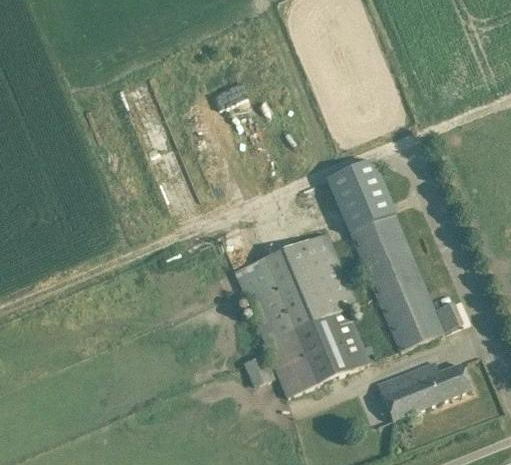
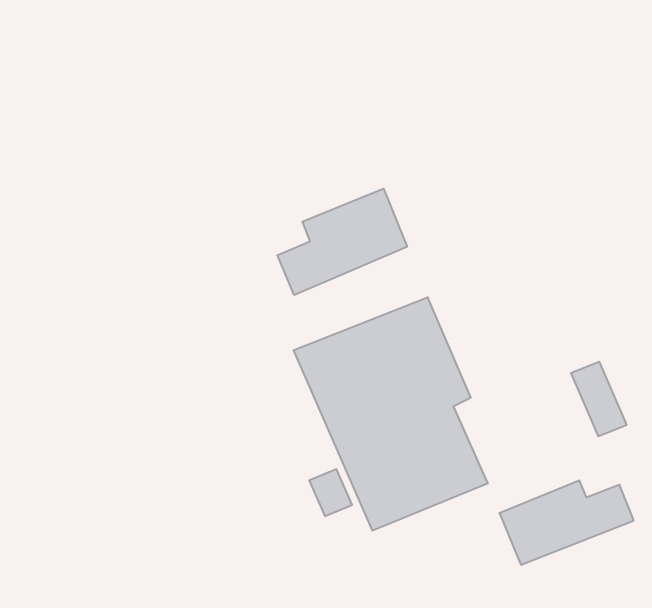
building: none -> [277,189,407,295]
building: [326,159,443,349] -> none

